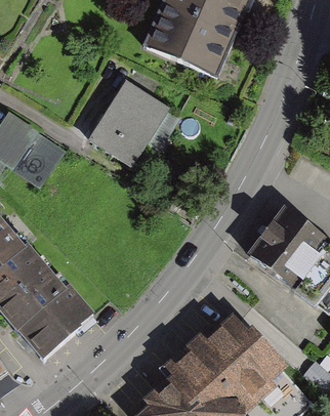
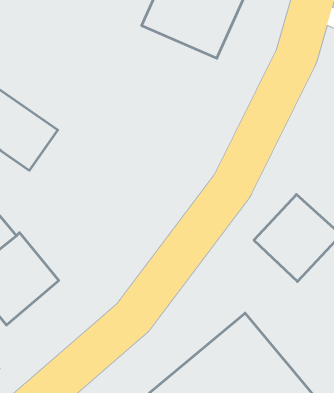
building: [86,74,168,162] -> none
building: [16,283,91,357] -> none

